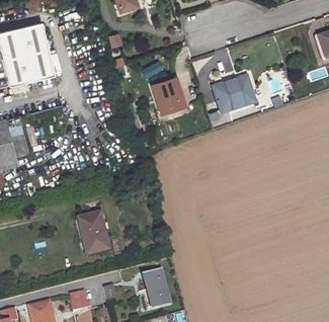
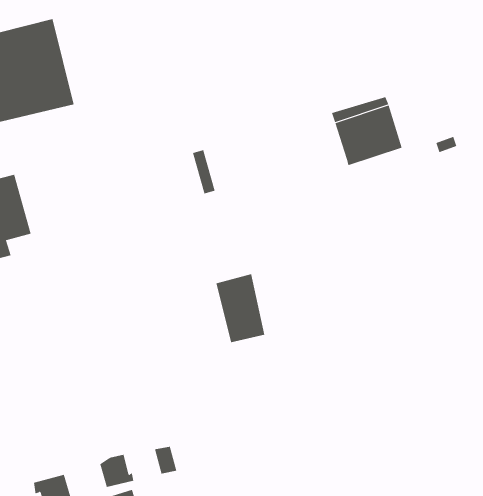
building: [152,77,185,112] -> none
building: [78,211,108,253] -> [215,273,265,343]
building: [143,268,169,306] -> none

